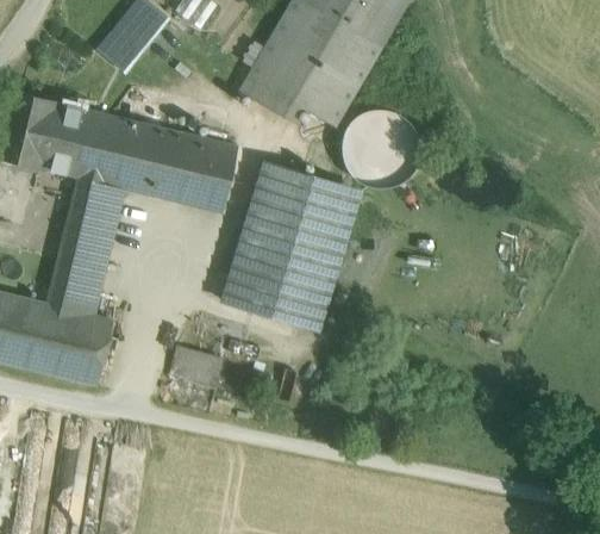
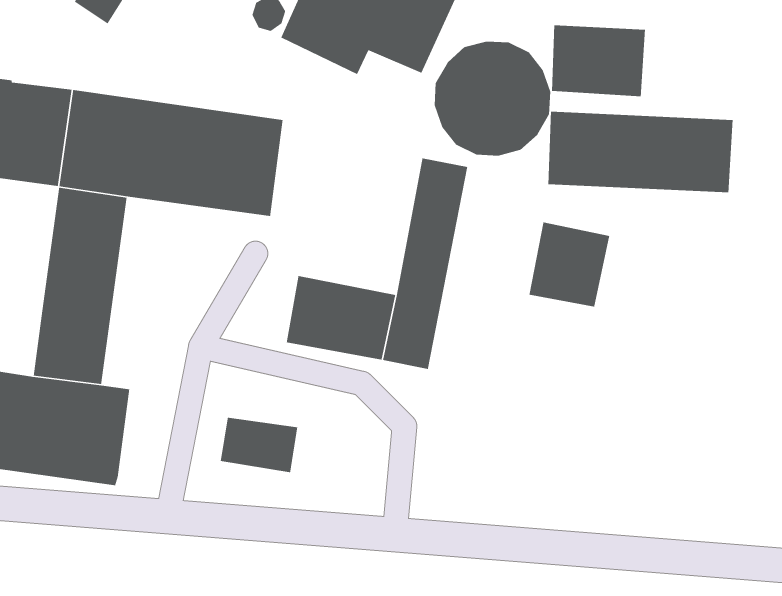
building: none -> [551,25,646,97]
building: none -> [547,111,733,193]
building: [236,162,329,274] -> none
building: none -> [528,221,610,307]

